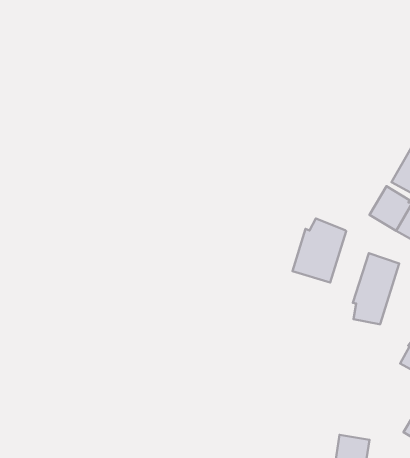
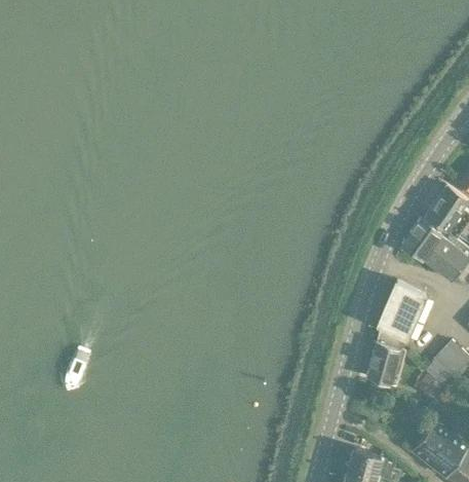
building: [293,219,346,282] -> none
building: none -> [367,342,401,385]

